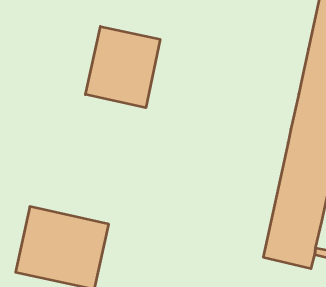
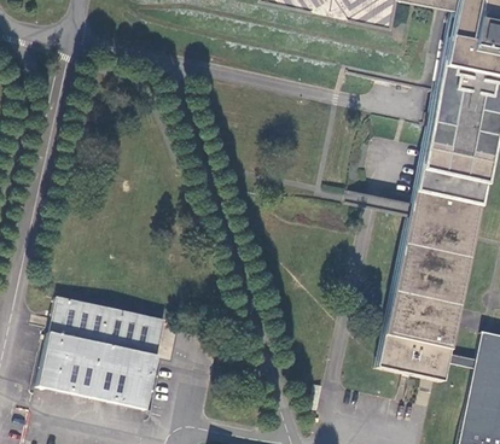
building: [85,26,160,108] -> none

